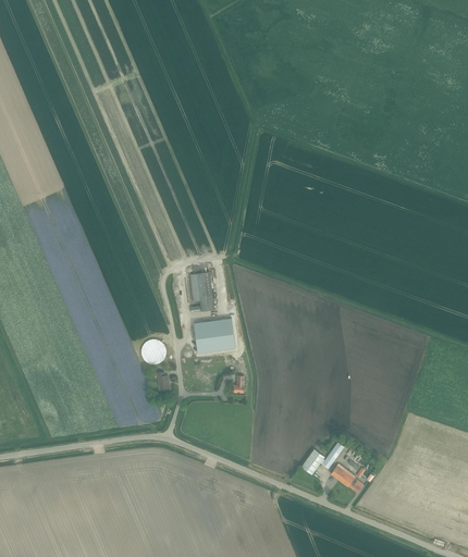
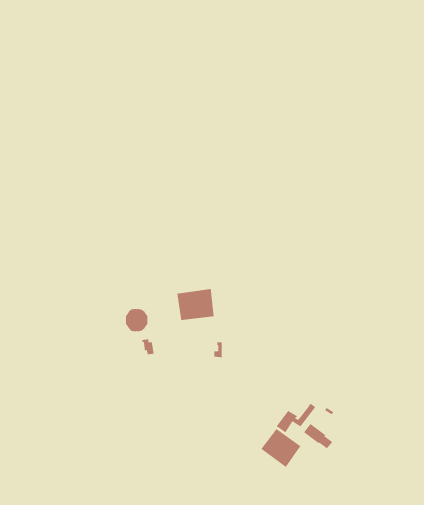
building: [189,272,214,311] -> none
building: none -> [261,428,301,468]

